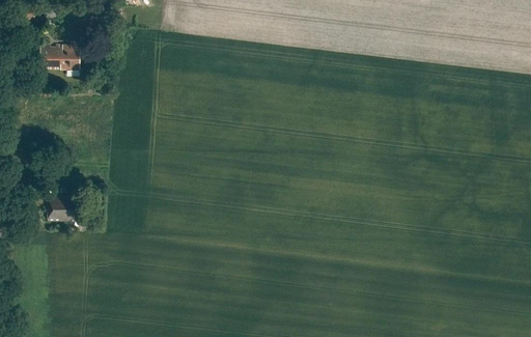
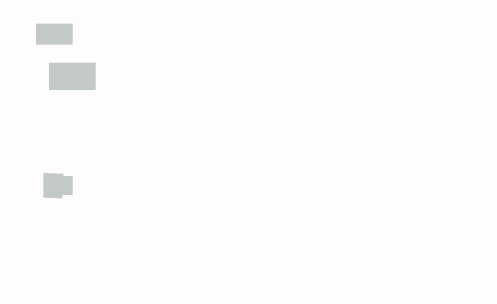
building: none -> [48,62,97,91]

